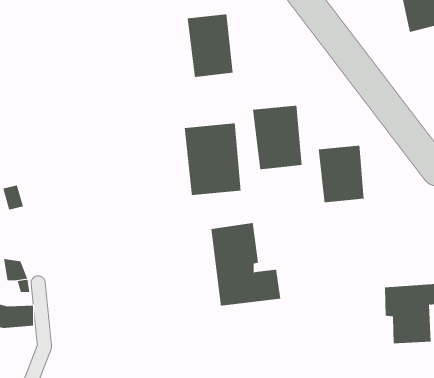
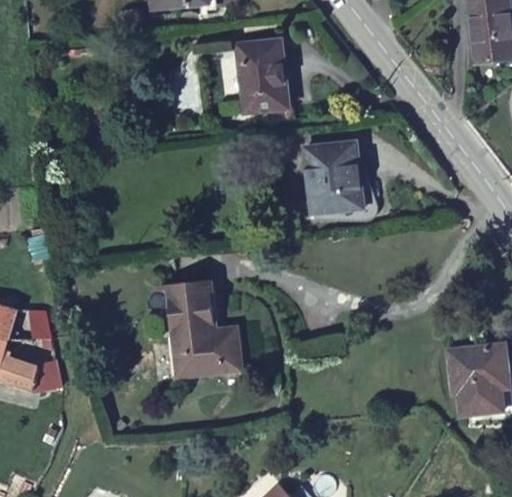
building: [184,122,241,196] -> none
building: [318,145,364,203] -> none
building: [210,223,281,306] -> [165,287,244,380]

